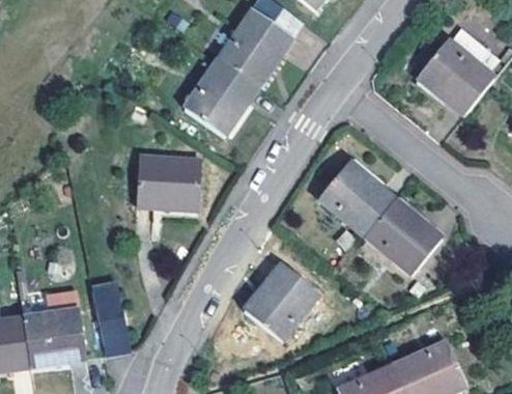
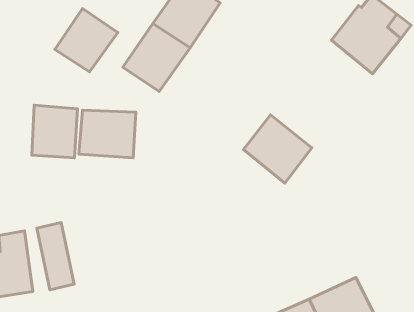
building: none -> [55,8,118,72]
building: none -> [32,105,78,158]
building: [364,197,442,274] -> none
building: [243,262,319,338] -> none

